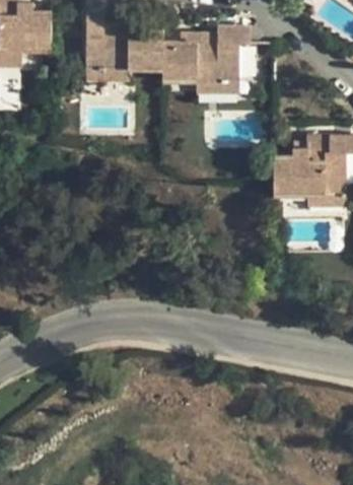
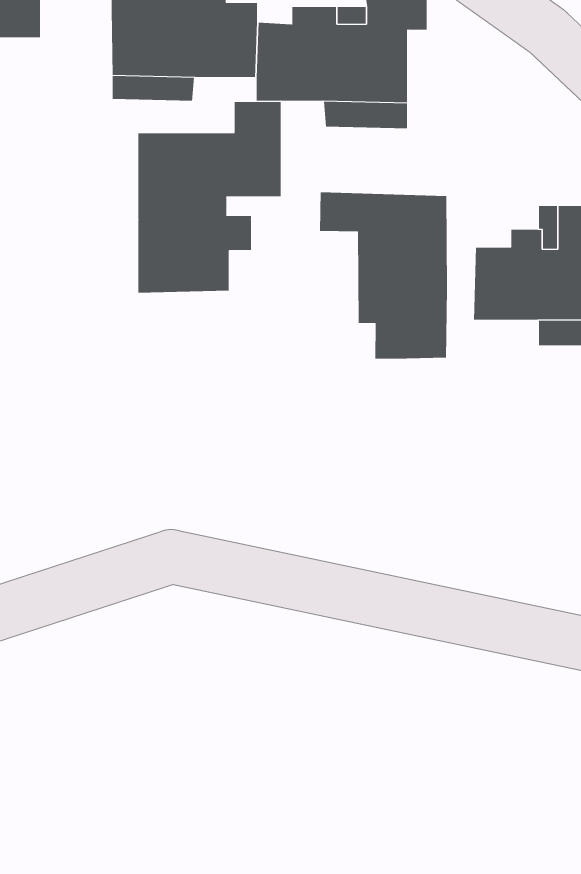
building: none -> [138,101,281,293]
building: none -> [320,192,448,360]

